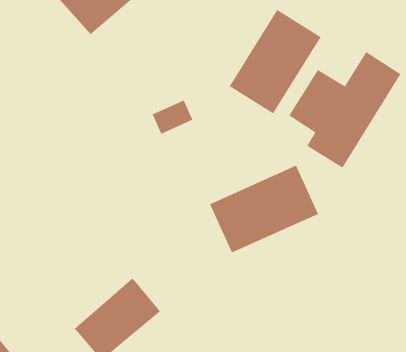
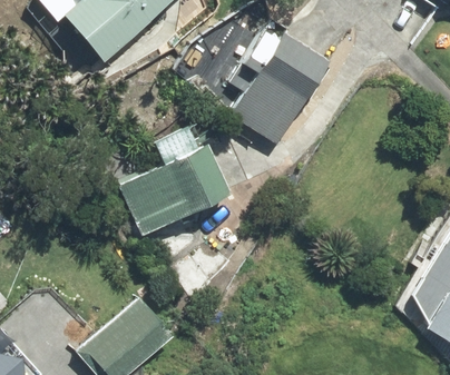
building: [289,51,401,169] -> none
building: [209,165,319,253] -> [123,141,232,229]

